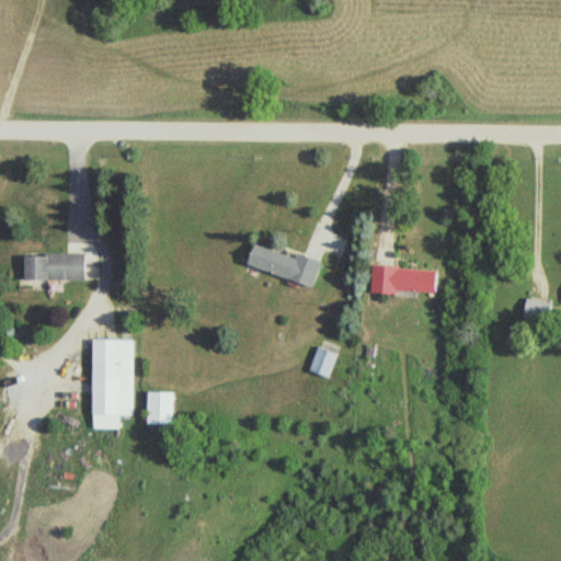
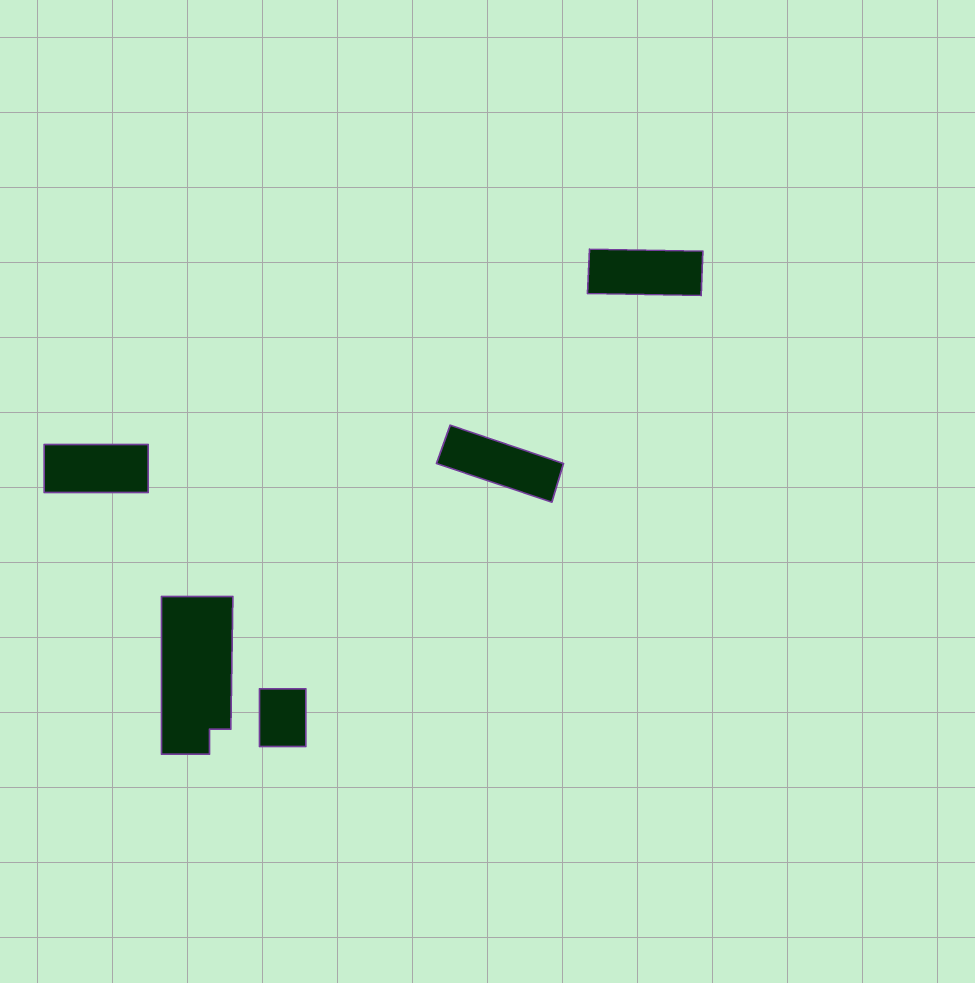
building: [371,267,437,294] -> [588,249,703,295]
building: [522,298,548,321] -> none
building: [309,347,337,378] -> none

